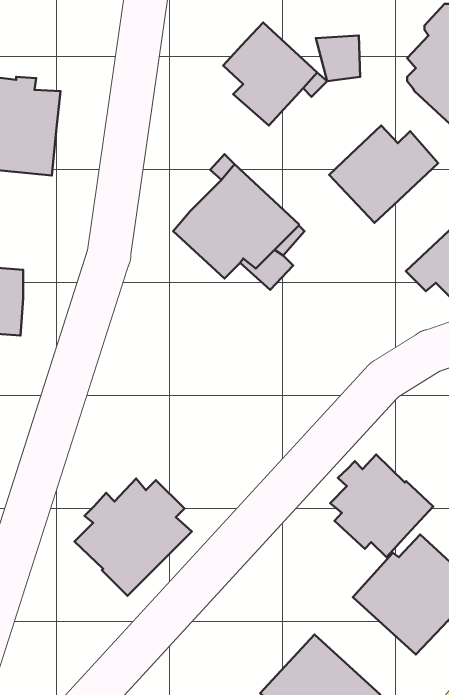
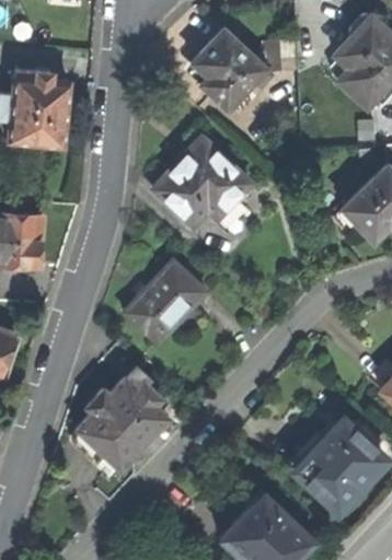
building: [329,126,438,223] -> none
building: none -> [125,258,207,341]
building: [330,455,433,557] -> none

